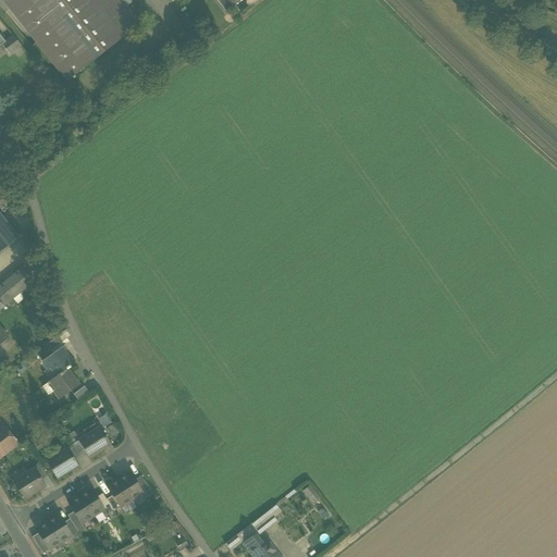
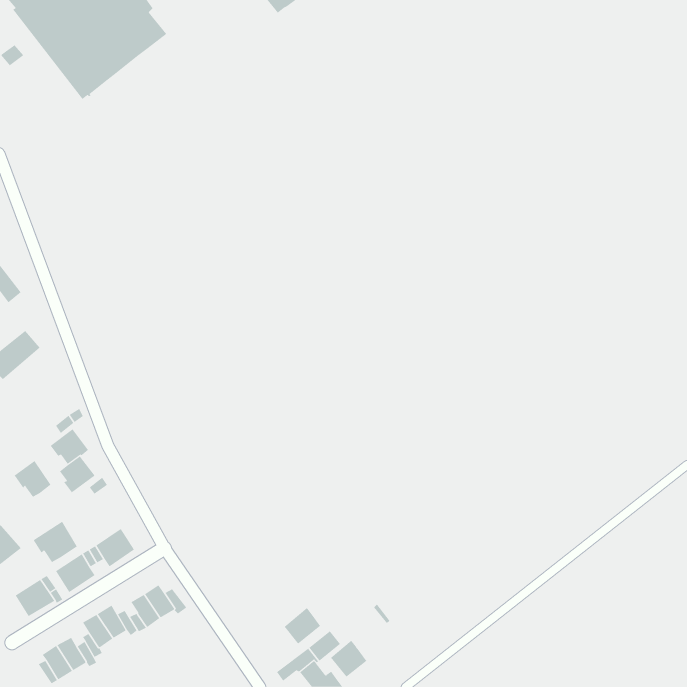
building: none -> [14,460,52,498]
building: none -> [33,521,78,563]
building: none -> [284,607,321,645]
building: none -> [330,640,367,678]

